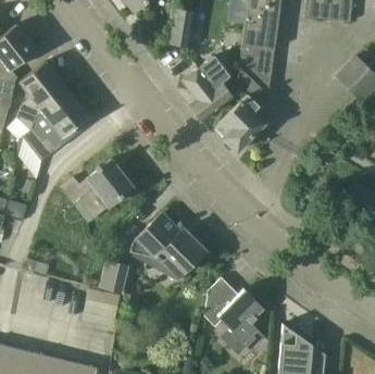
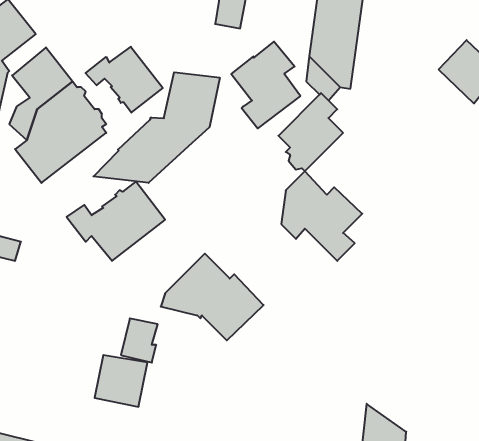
building: none -> [86,47,163,113]
building: none -> [93,72,220,183]
building: [204,277,264,344] -> [281,171,362,261]

